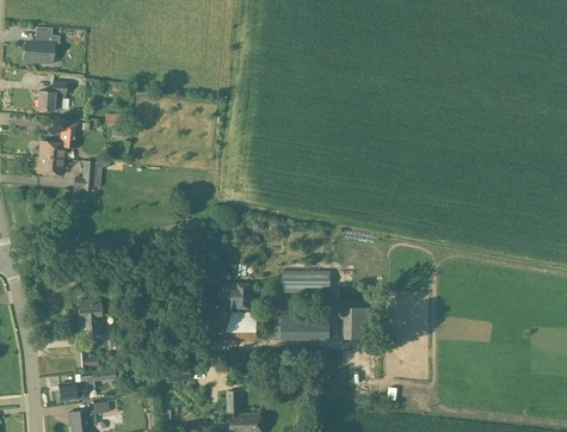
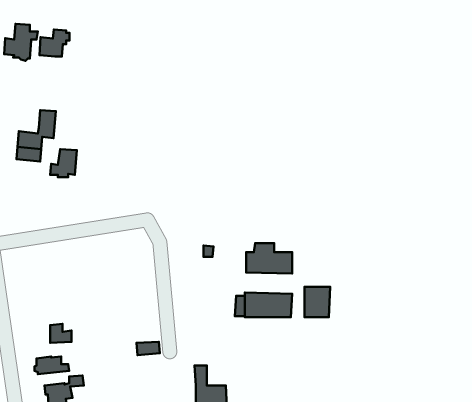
building: [37,82,69,111] -> [39,29,70,56]
building: [218,285,257,339] -> none
building: [76,298,103,335] -> none

